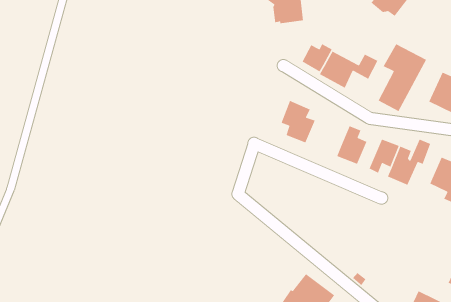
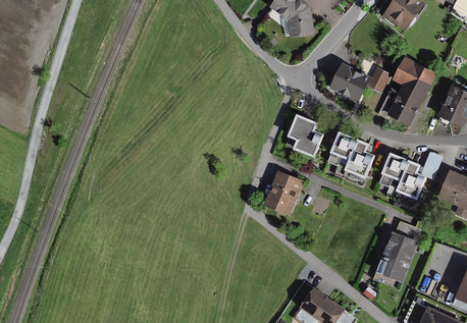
building: [301,43,333,73] -> none
building: none -> [326,130,358,166]
building: none -> [263,170,304,215]
building: none -> [375,221,418,282]

